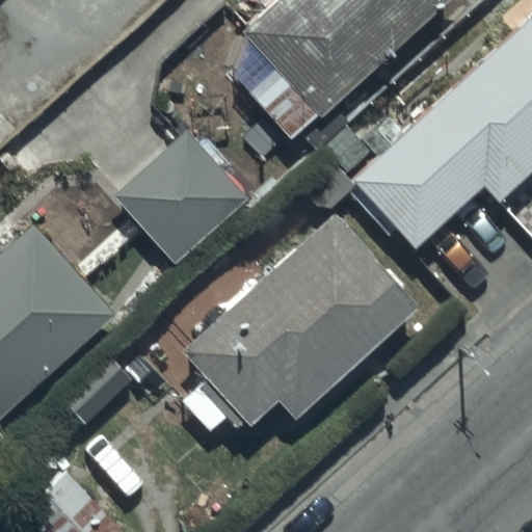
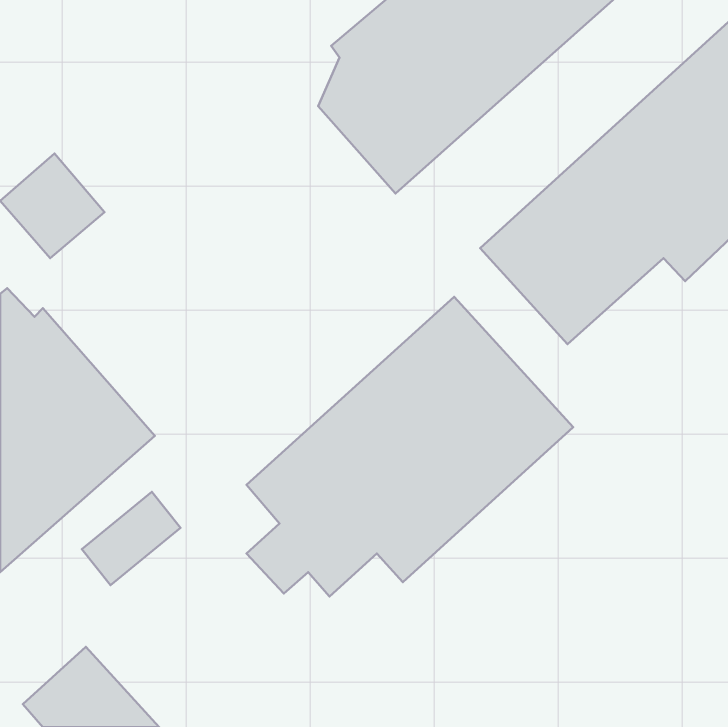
building: [114,129,249,264] -> none

